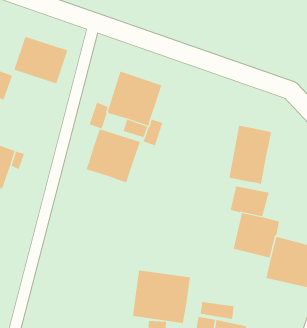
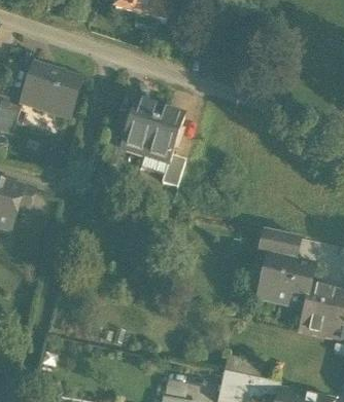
building: [229,125,271,185] -> none
building: [86,128,140,183] -> none
building: [132,269,191,324] -> none

